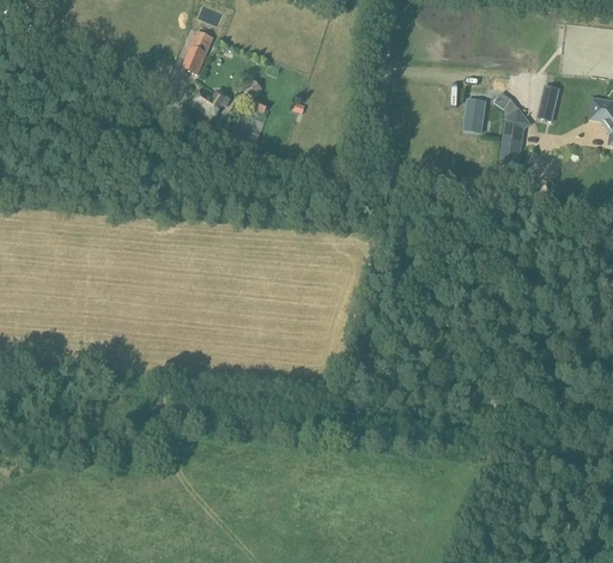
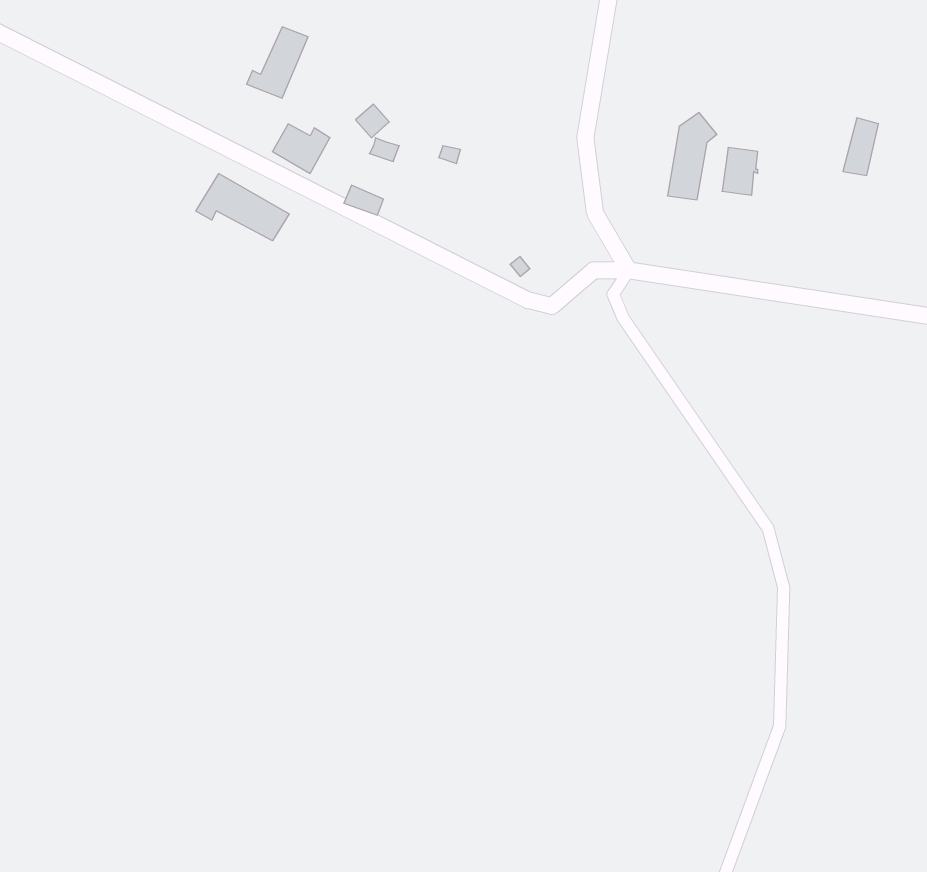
building: [499,108,529,161] -> [667,113,717,200]
building: none -> [196,174,289,241]

